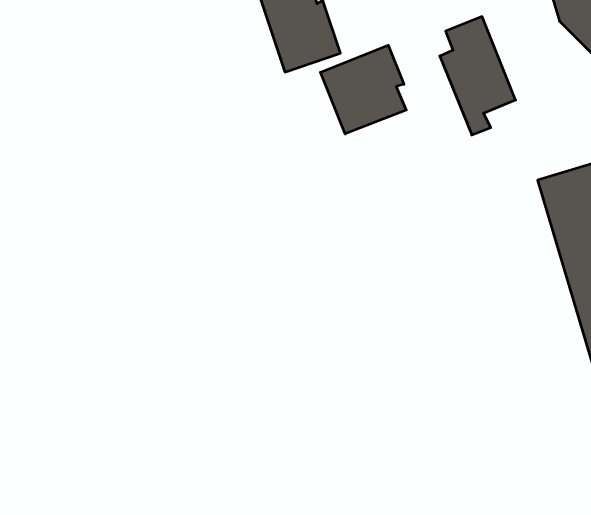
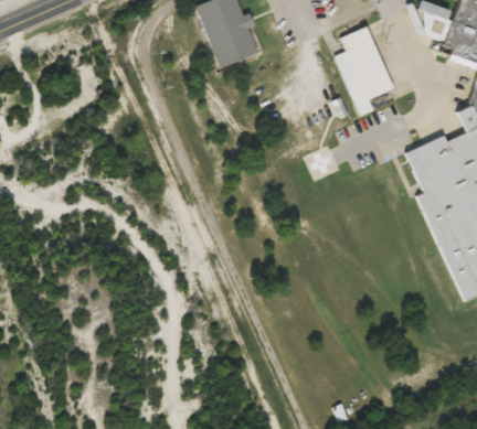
building: [320,45,406,134] -> none

